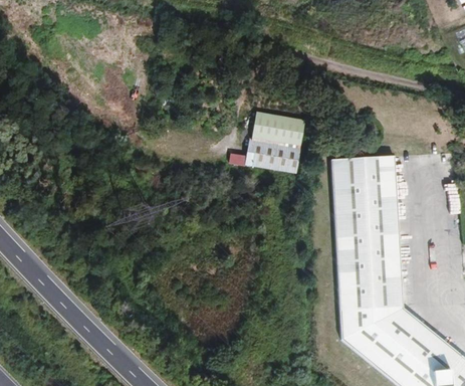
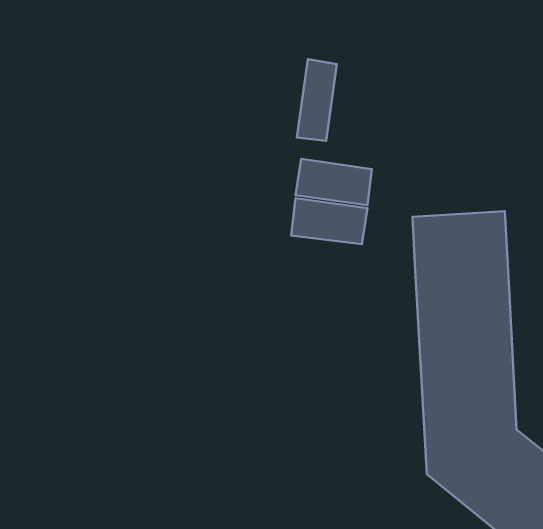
building: none -> [297,59,337,141]

